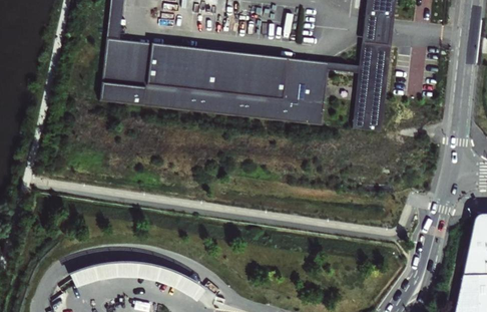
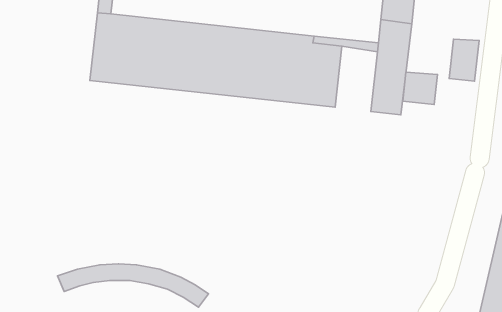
building: none -> [449,39,479,81]
building: none -> [403,72,438,105]

